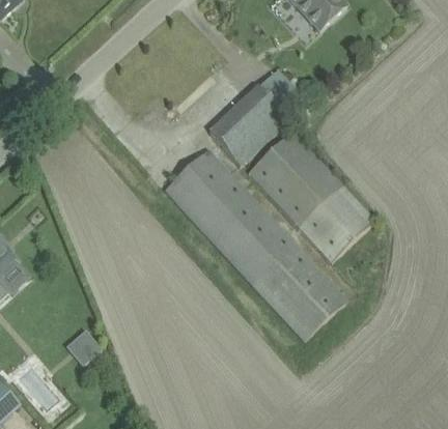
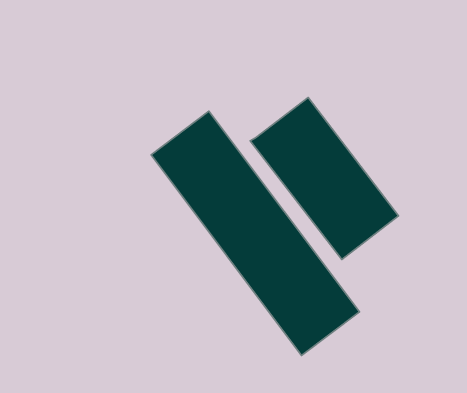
building: [207,60,306,164] -> none
building: [65,327,103,365] -> none

